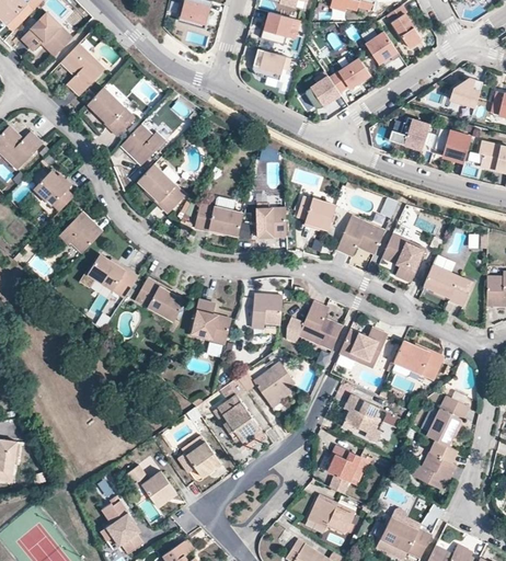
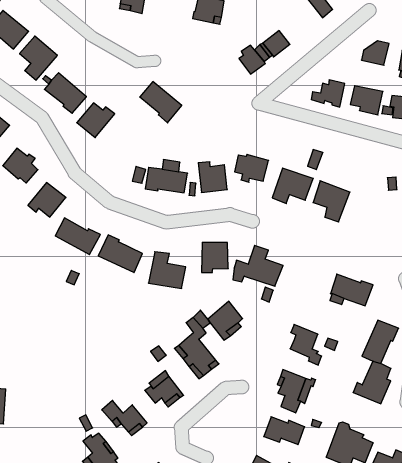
building: [365,31,399,64] -> none
building: [252,48,289,80] -> none
building: [137,164,184,213] -> [140,82,182,123]
building: [423,264,472,304] -> none
building: [340,325,386,366] -> none

